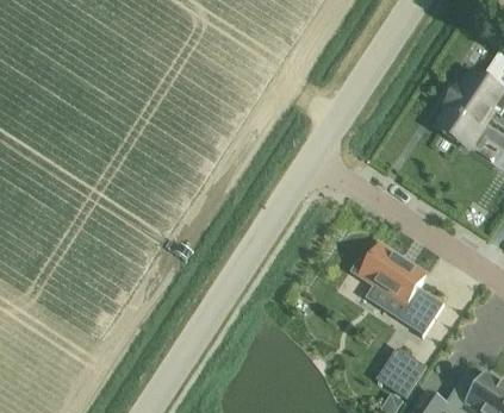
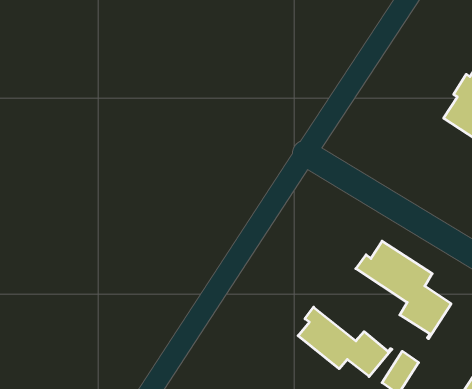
building: none -> [298,307,392,377]

